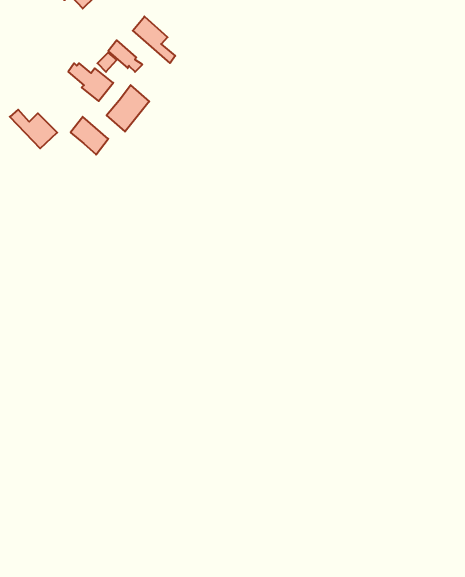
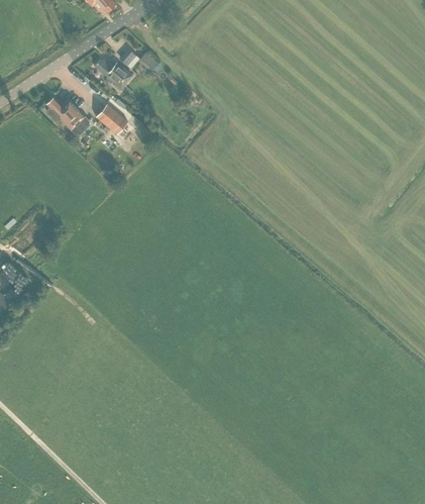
building: [133,16,175,63] -> none
building: [107,85,149,132] -> none

